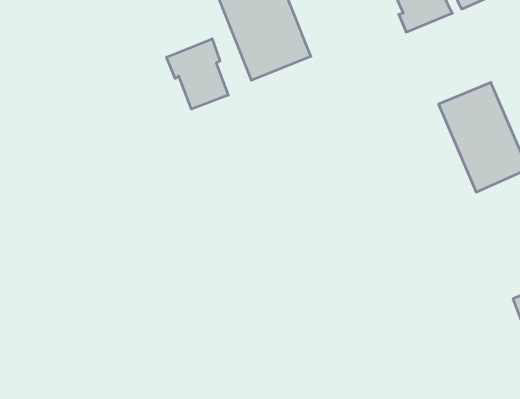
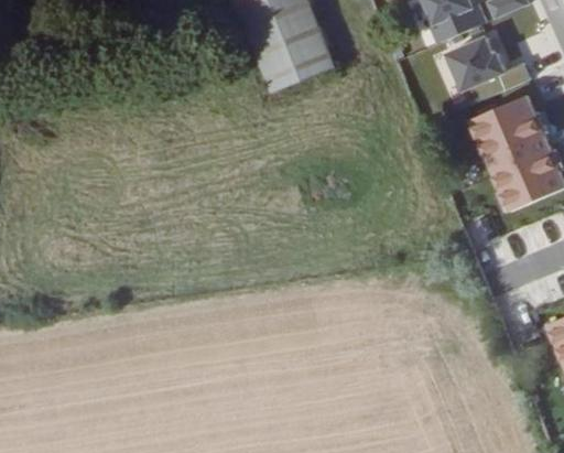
building: none -> [444,32,529,105]
building: [167,39,228,109] -> none

